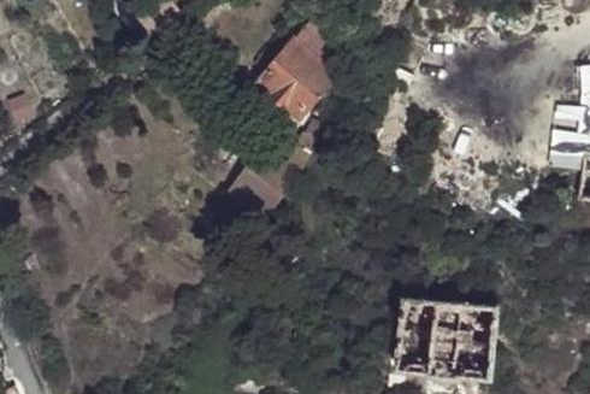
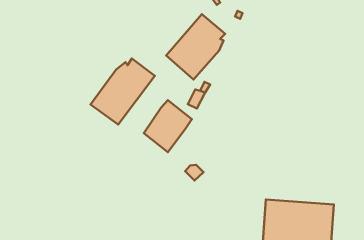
building: none -> [91,59,155,125]

